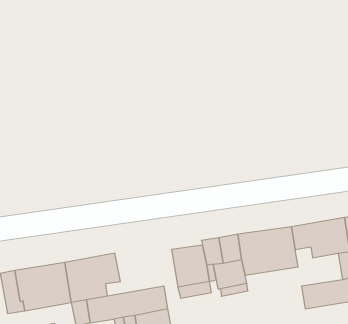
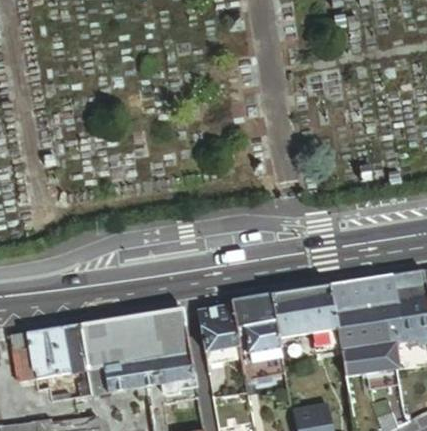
building: none -> [126,306,190,361]
building: none -> [334,307,386,350]

